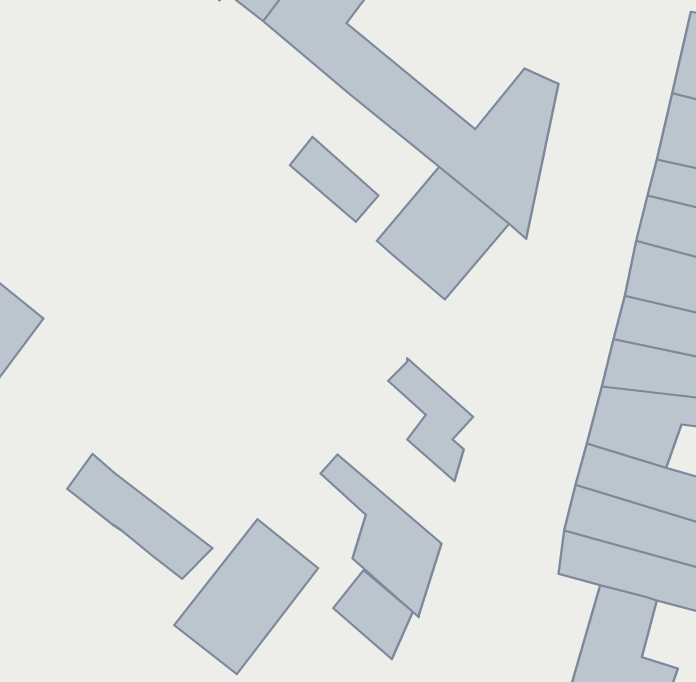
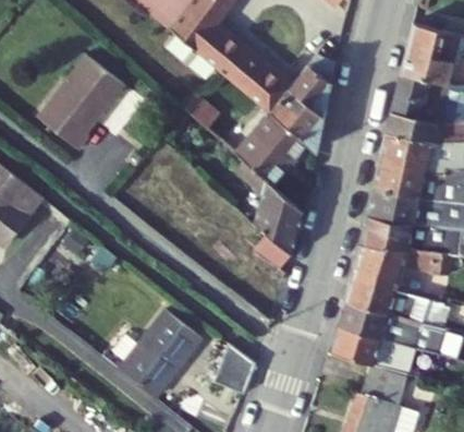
building: none -> [33,57,122,155]
building: [67,454,212,579] -> none
building: [320,454,441,617] -> [234,161,304,255]

